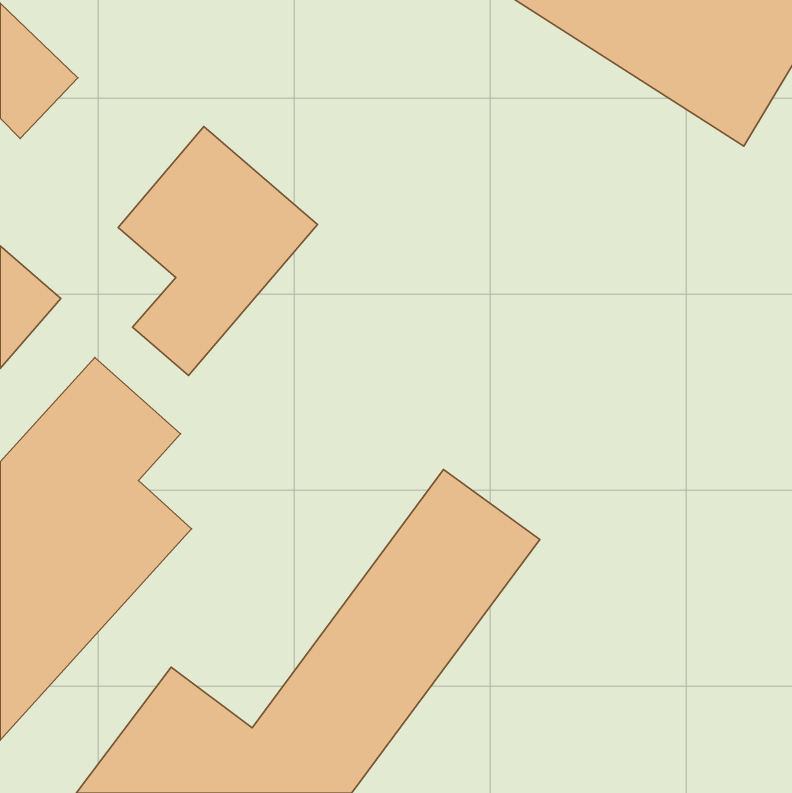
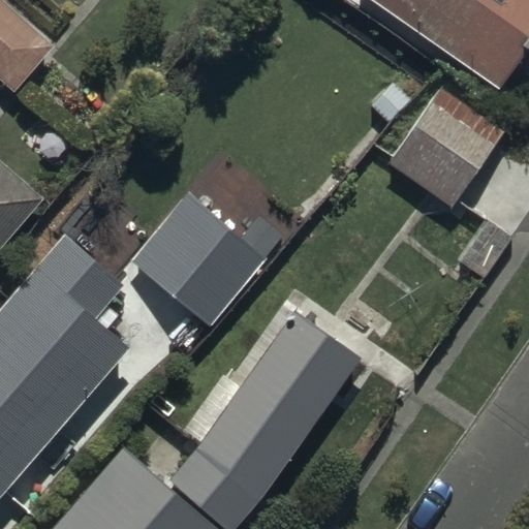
building: [118,127,317,375] -> [130,195,262,361]
building: none -> [386,86,505,209]

